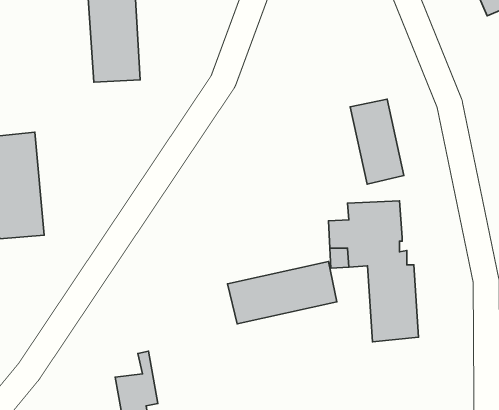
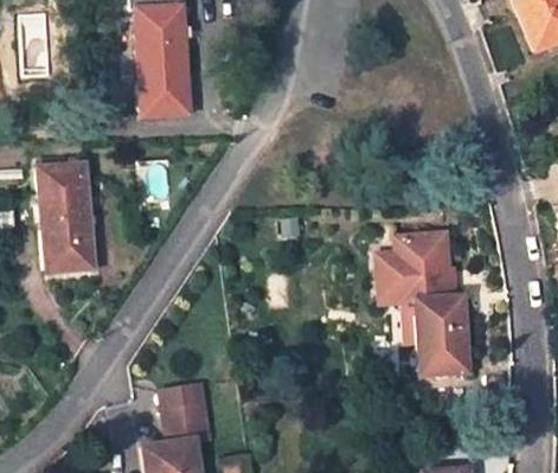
building: [350,99,404,184] -> none
building: [228,261,337,324] -> none

